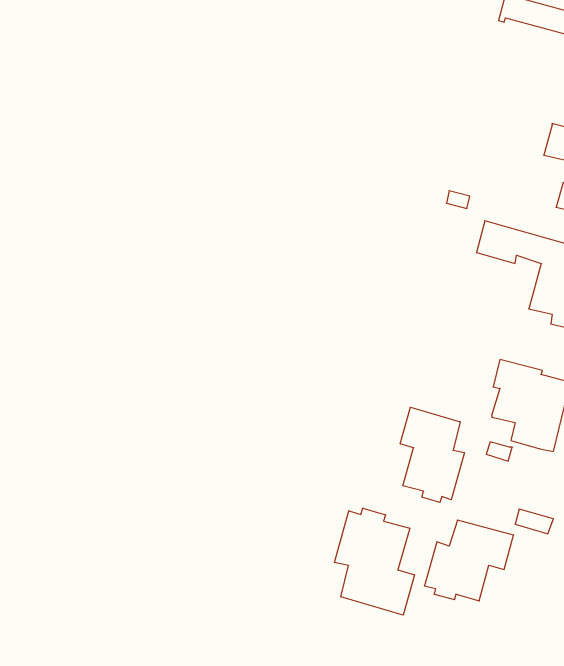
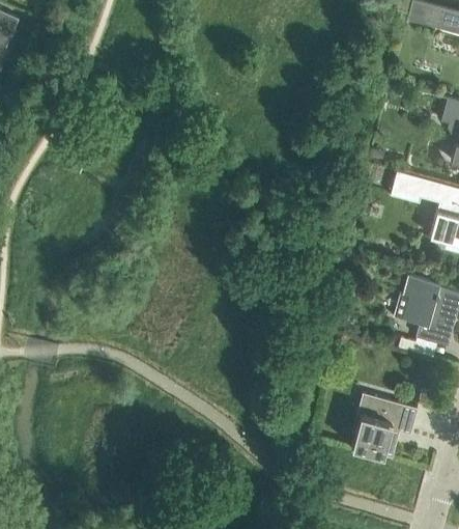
building: [400,407,464,502] -> none
building: [334,508,414,615] -> none

